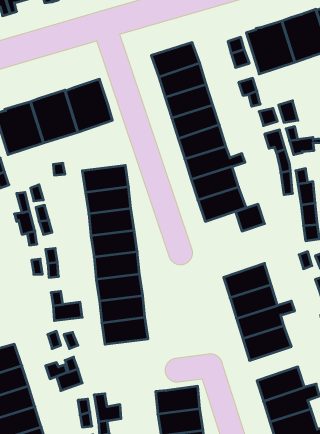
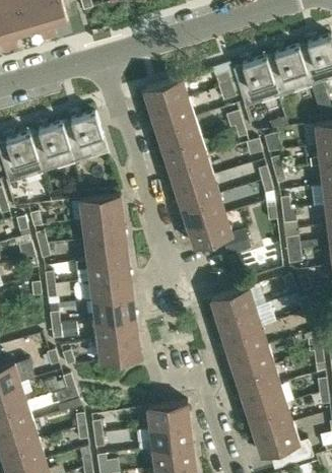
building: none -> [236,364,281,397]

